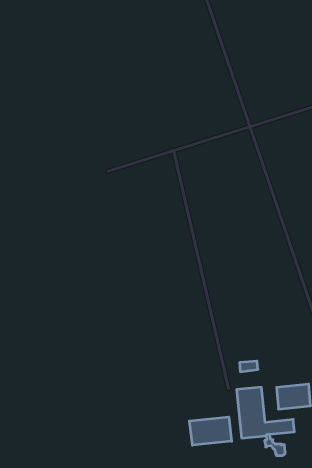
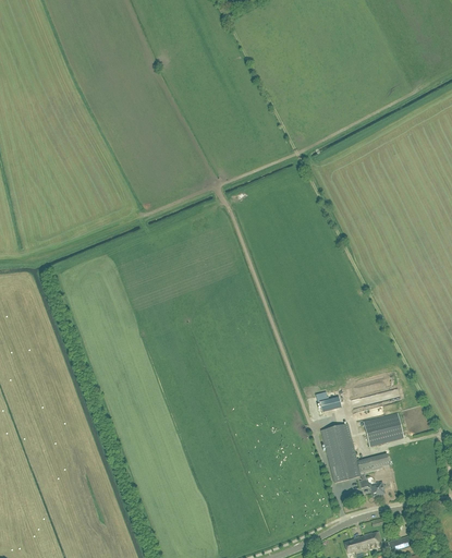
building: [189,417,232,445] -> none

